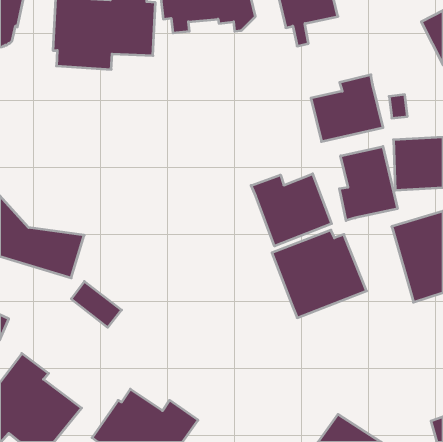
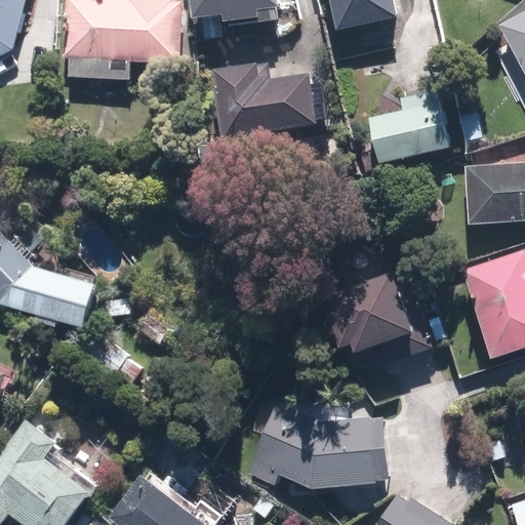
building: none -> [212,67,317,140]
building: [339,146,397,221] -> none
building: [251,174,332,246] -> none
building: none -> [246,393,386,486]

